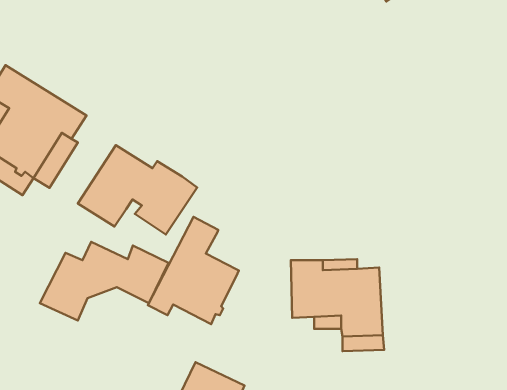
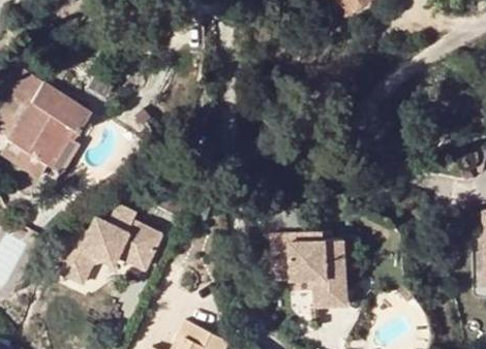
building: [78,145,197,235] -> none
building: [148,217,239,324] -> none

